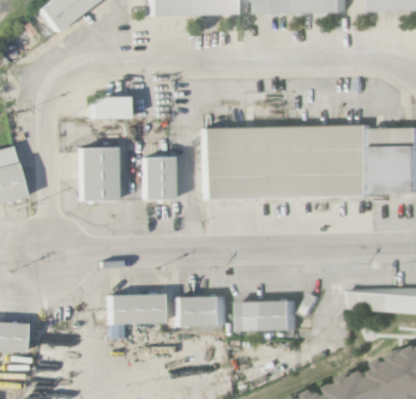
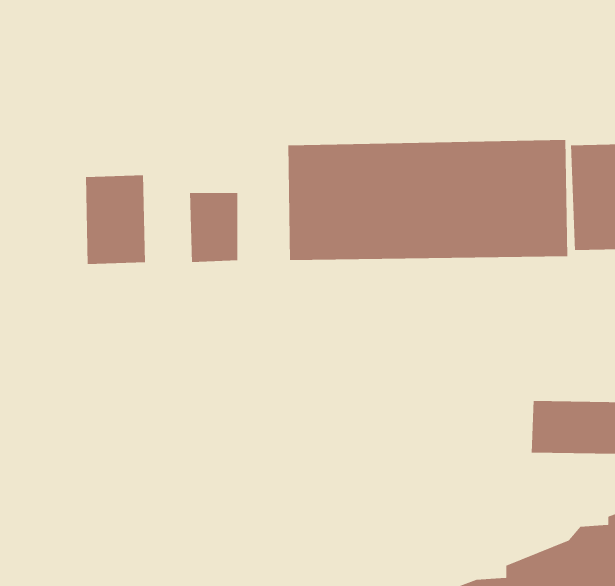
building: [88,97,126,119] -> none
building: [105,294,158,324] -> none
building: [173,295,225,326] -> none
building: [242,300,295,331] -> none

